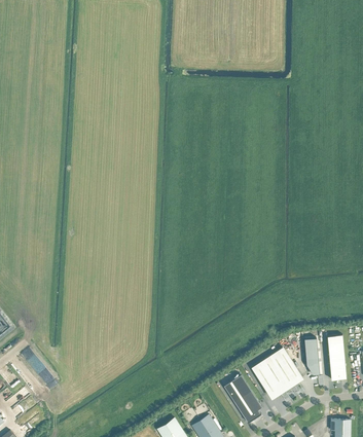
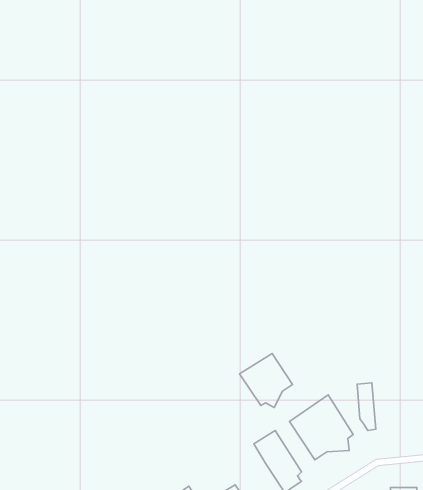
building: none -> [239,353,293,408]
building: [327,335,347,380] -> none

